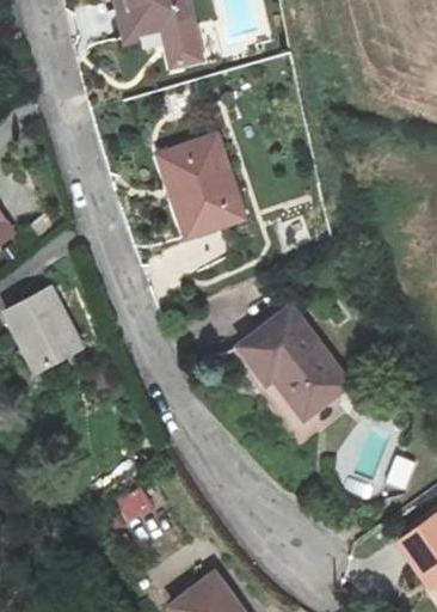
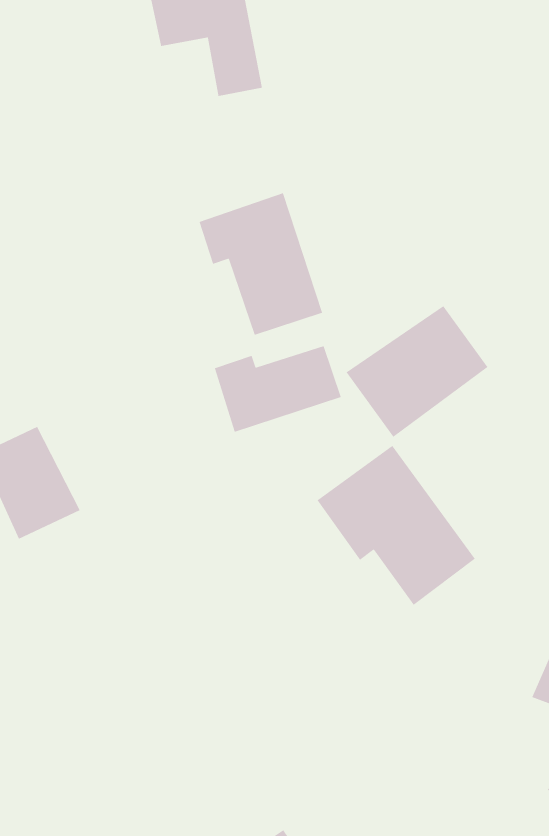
building: none -> [345,305,489,438]
building: none -> [214,345,342,433]

